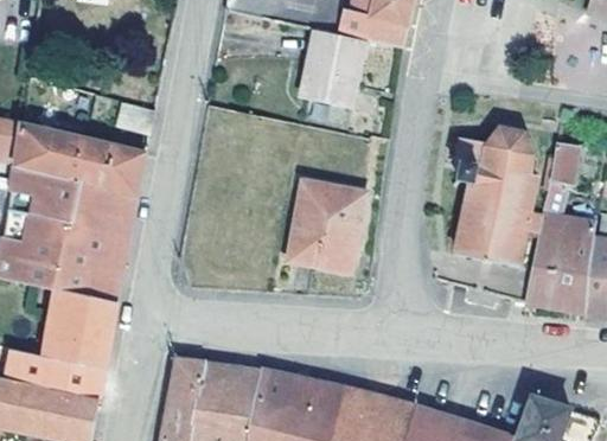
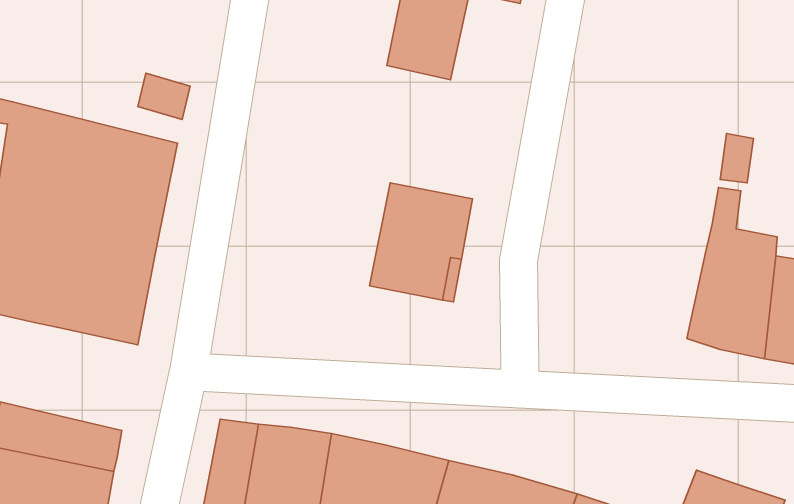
building: [452,128,544,264] -> none
building: [43,289,115,366] -> none

